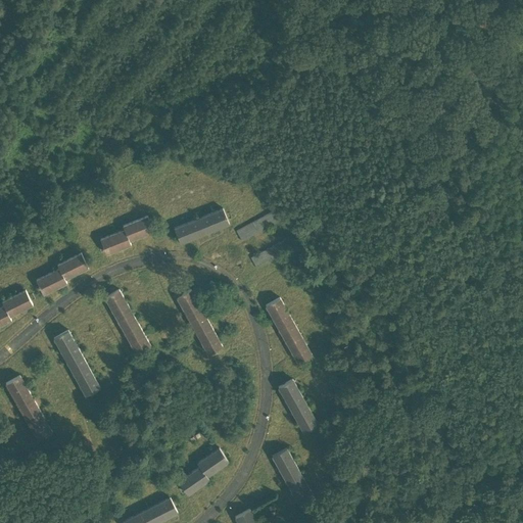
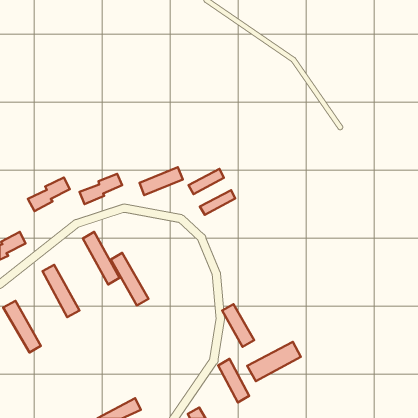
building: [35,253,87,295] -> [28,178,70,211]
building: [175,290,222,355] -> [111,253,148,305]
building: [265,298,311,363] -> none
building: none -> [247,342,301,381]
building: [178,448,228,494] -> none

